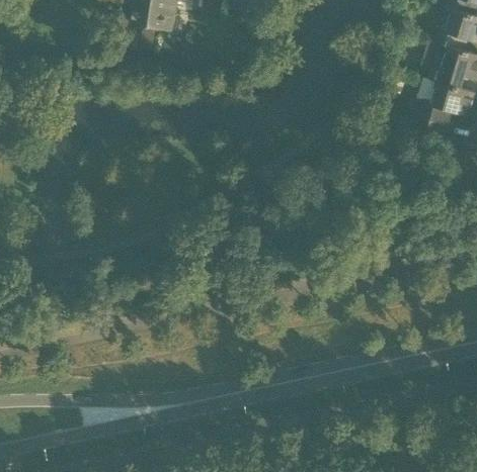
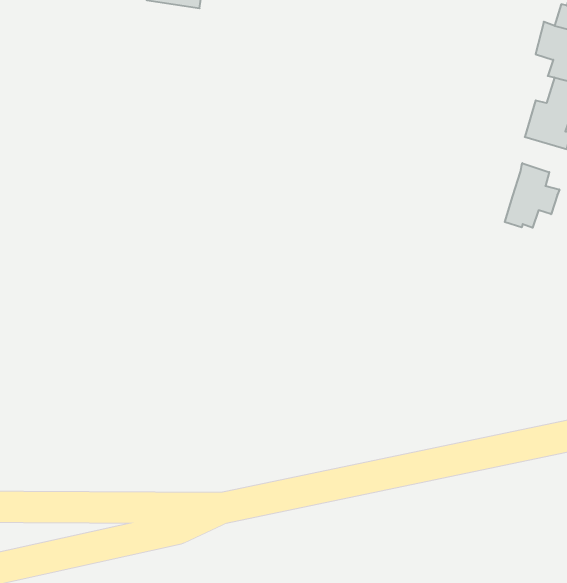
building: none -> [505,163,559,228]

